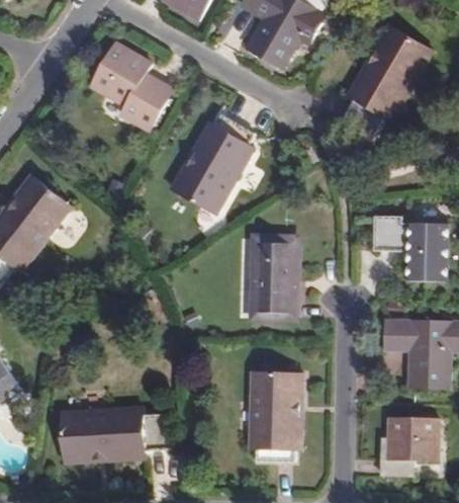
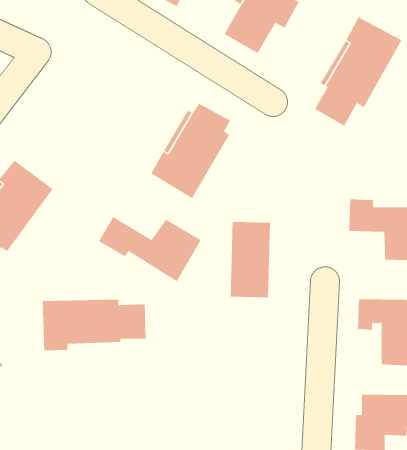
building: [89,43,166,132] -> none
building: none -> [98,216,202,282]
building: [249,373,300,460] -> none
building: [63,408,171,462] -> [42,299,147,351]

